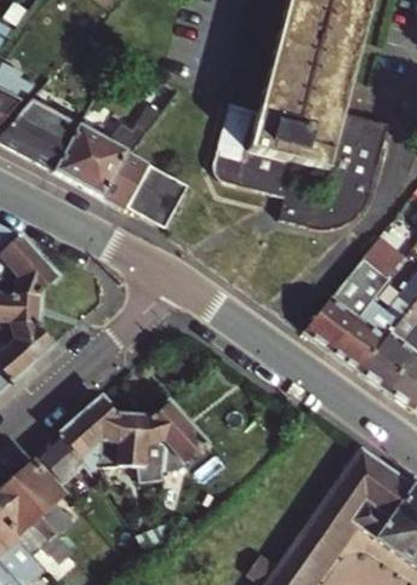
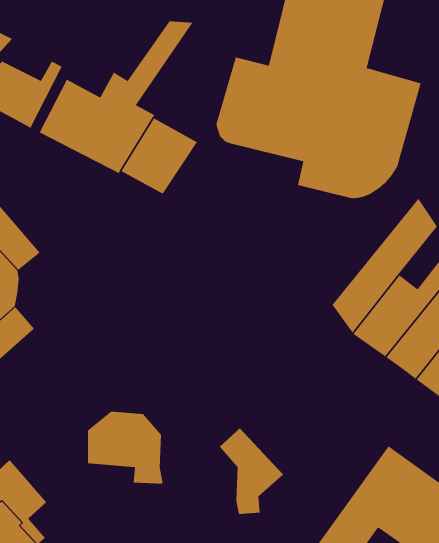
building: [35,396,119,483] -> none
building: [148,402,205,478] -> [219,427,284,514]

